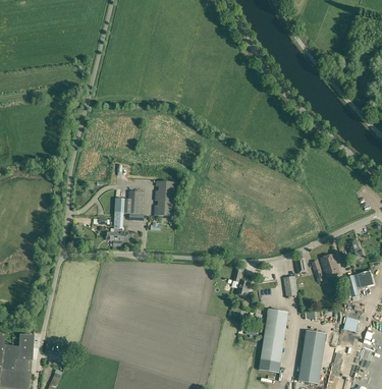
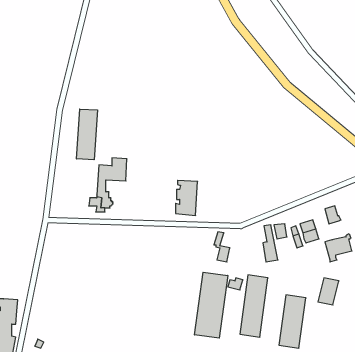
building: none -> [77,109,97,160]
building: [154,181,176,217] -> [176,180,198,215]
building: none -> [195,272,228,338]

